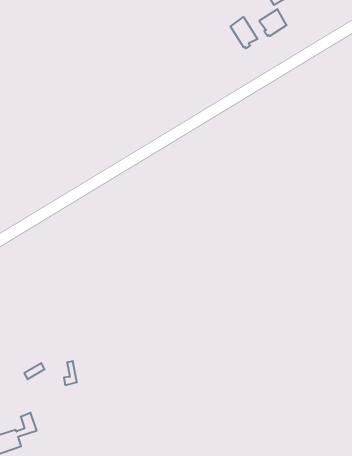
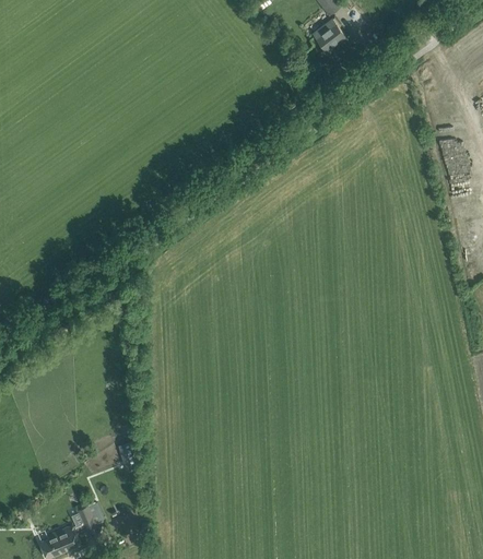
building: [231,17,258,48] -> none

